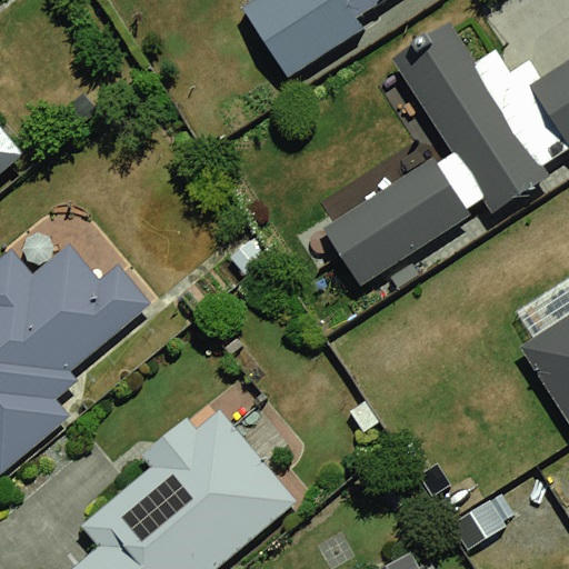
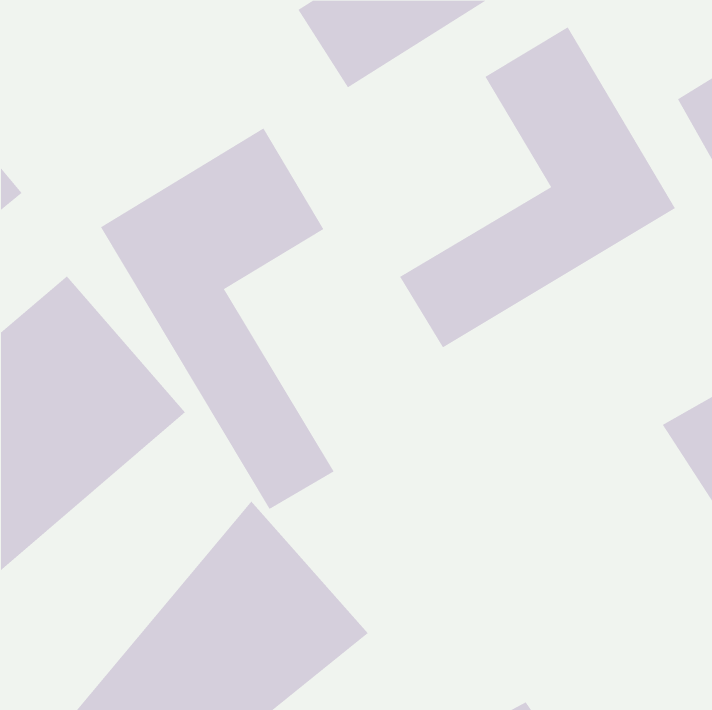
building: none -> [100,128,335,510]

